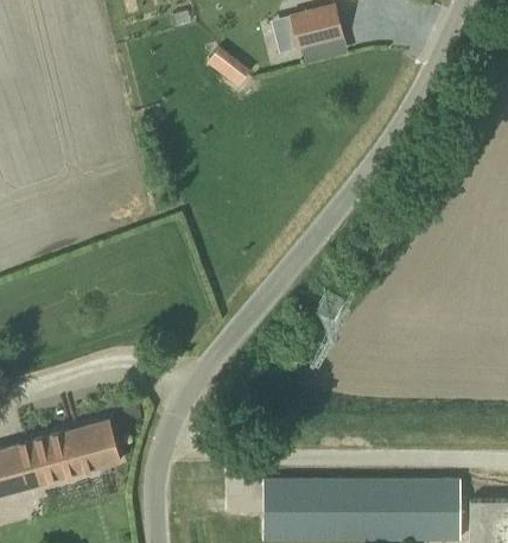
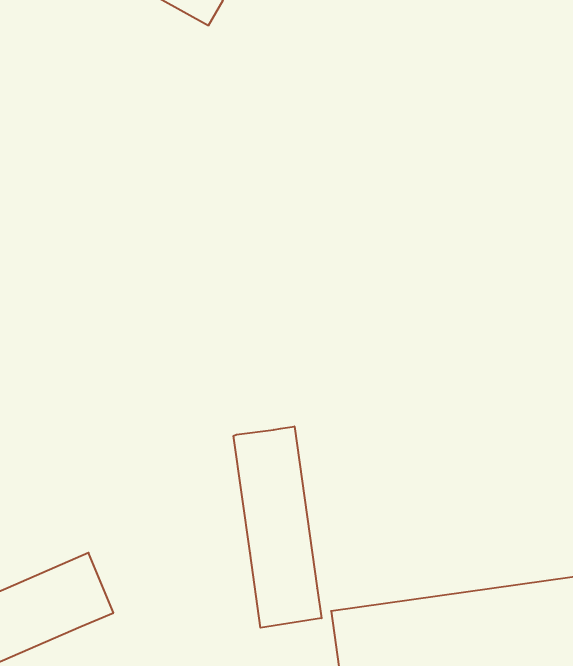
building: none -> [233,426,322,628]

